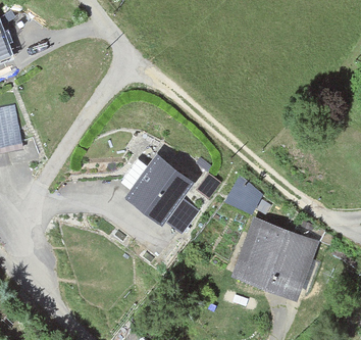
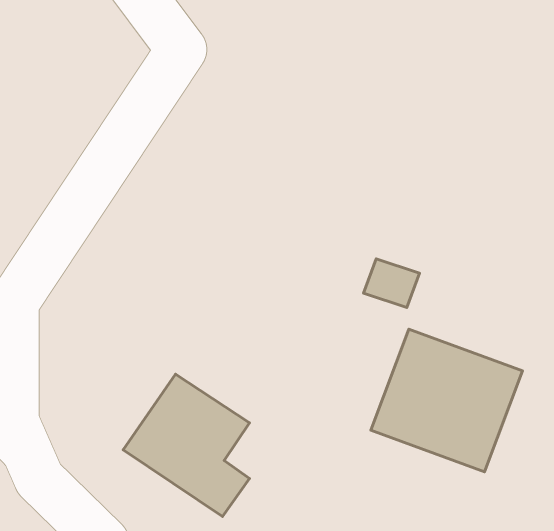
building: [124,152,196,233] -> [123,374,249,516]

